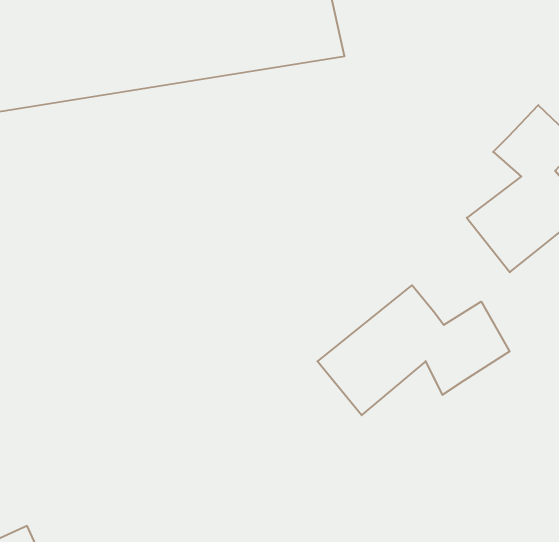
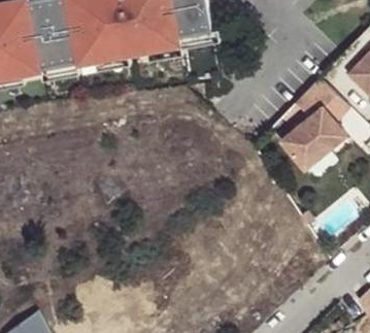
building: [317,285,510,415] -> none

